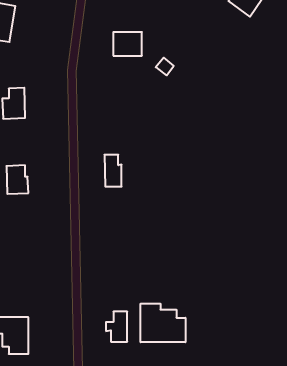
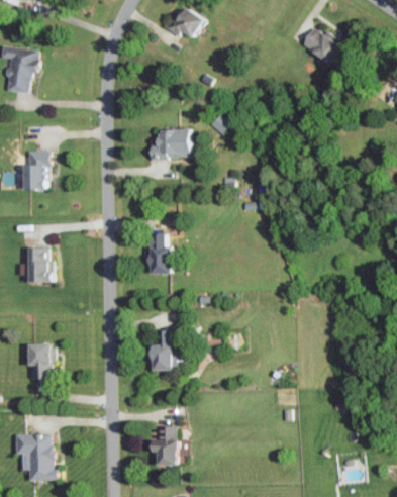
building: [113,32,142,56] -> [153,129,188,159]
building: none -> [148,329,179,370]
building: none -> [26,343,57,378]
building: [141,304,185,342] -> none

